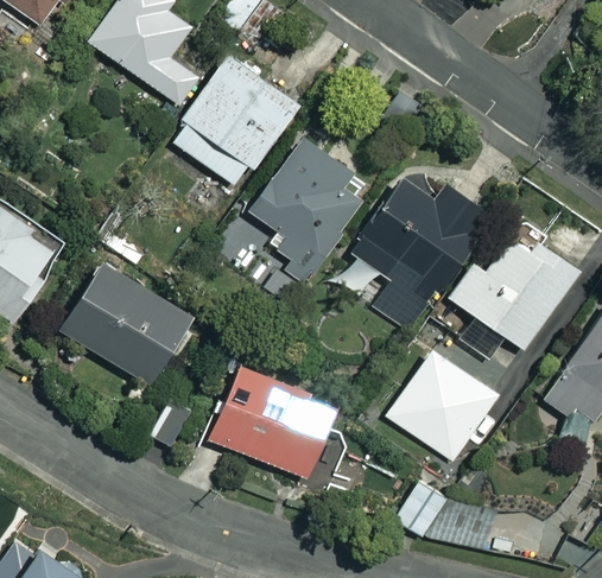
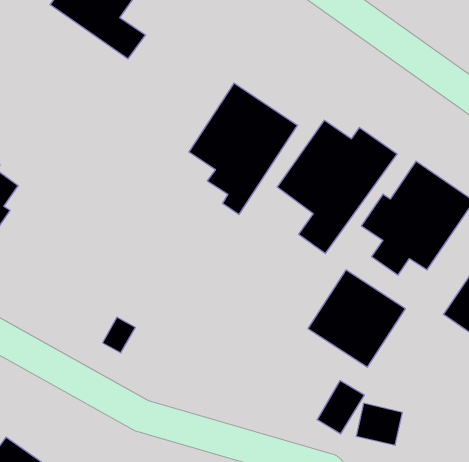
building: [170,56,299,189] -> none
building: [56,258,194,386] -> none
building: [205,361,347,494] -> none

